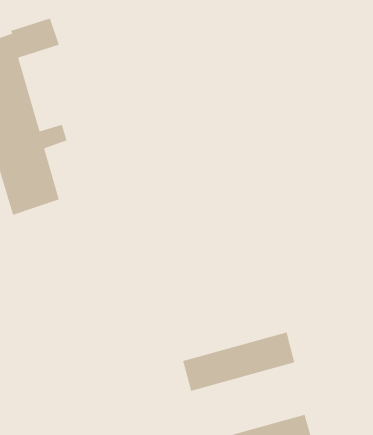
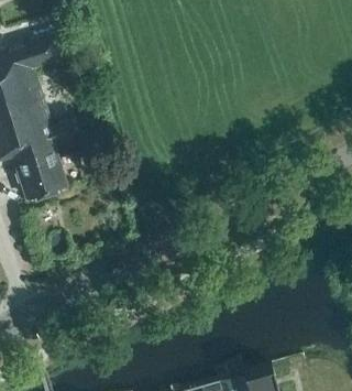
building: [182,332,295,392] -> none

